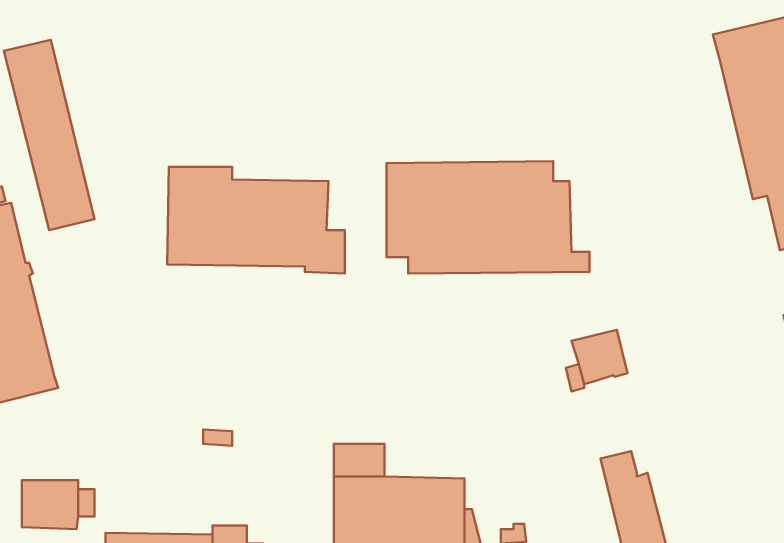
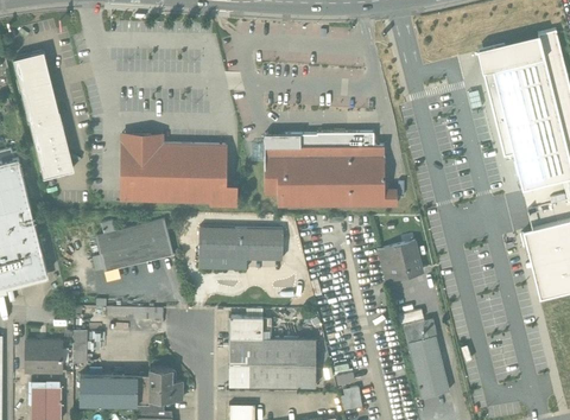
building: none -> [95,221,173,273]
building: none -> [198,228,283,271]

